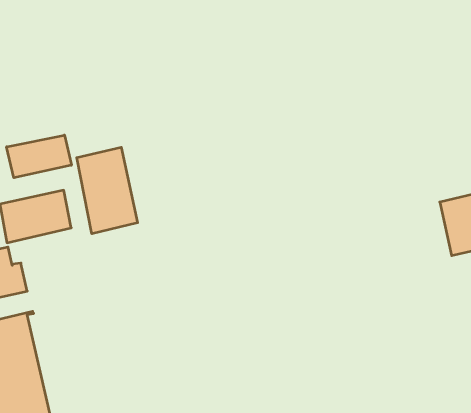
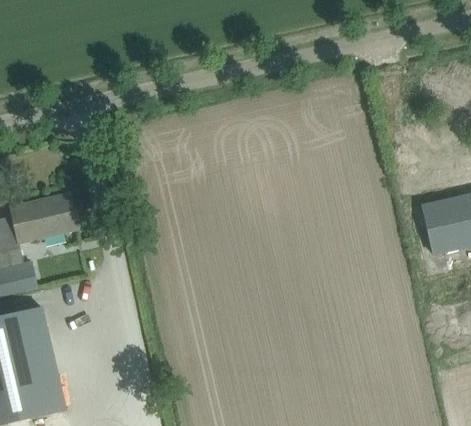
building: [7,135,71,178] -> none
building: [77,147,138,234] -> none

